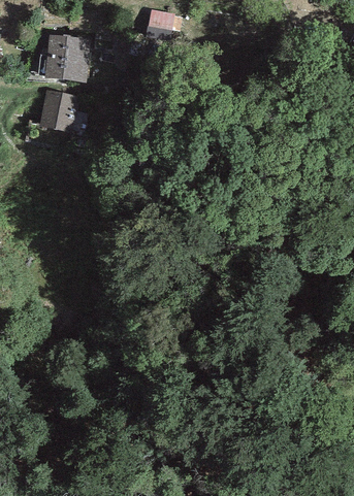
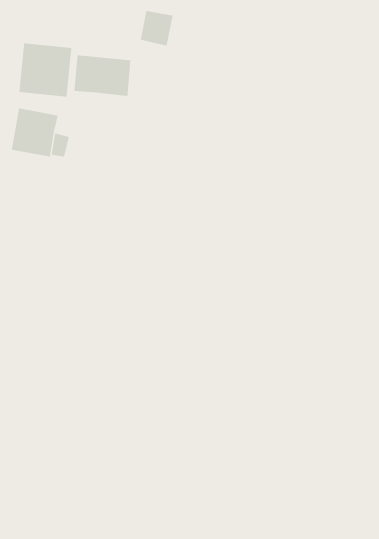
building: none -> [74,54,131,97]

